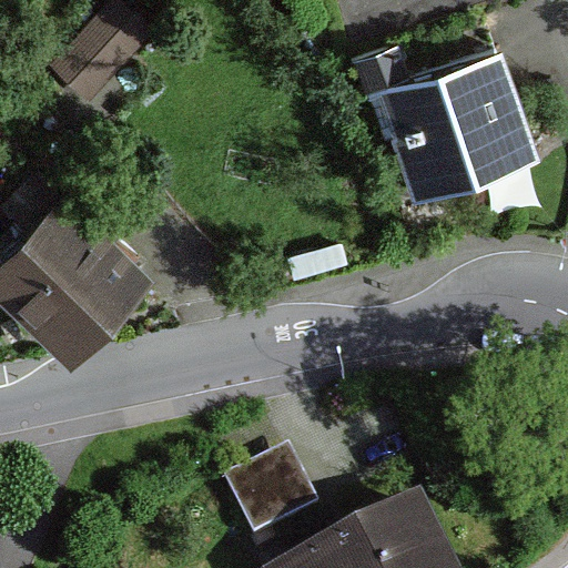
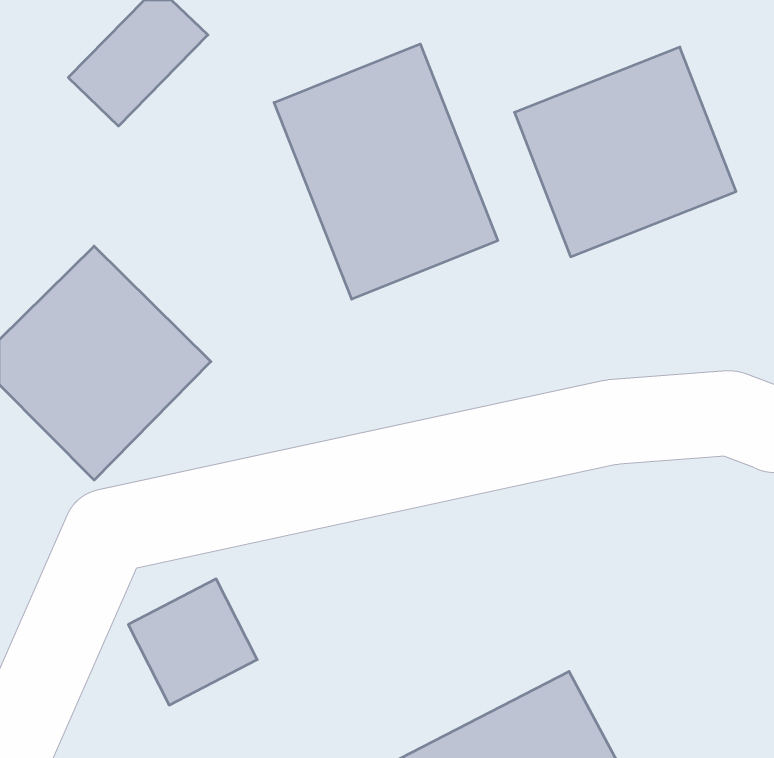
building: none -> [274,44,498,299]
building: [224,456,318,548] -> [128,579,257,705]

